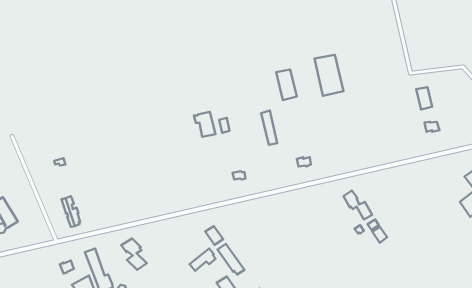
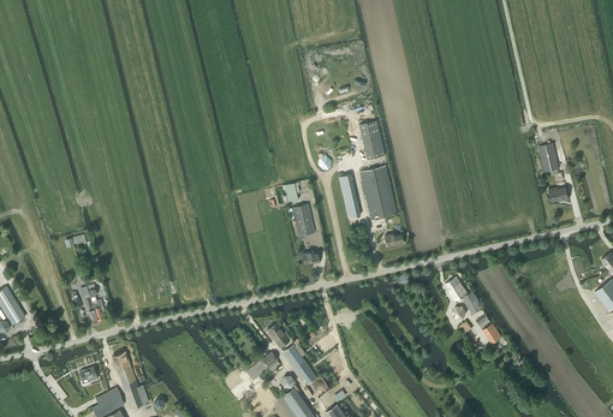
building: [314,55,343,96] -> [359,166,397,219]
building: [194,112,215,137] -> [287,203,315,236]
building: [121,239,147,270] -> none

